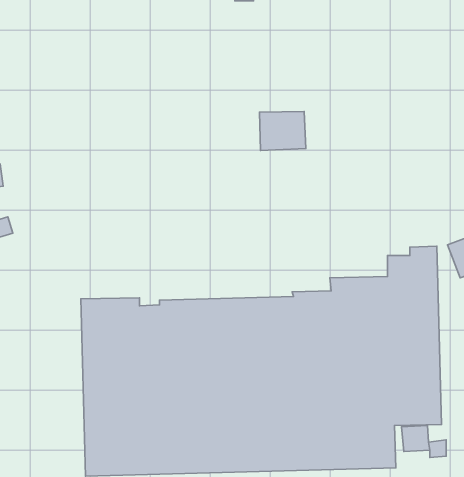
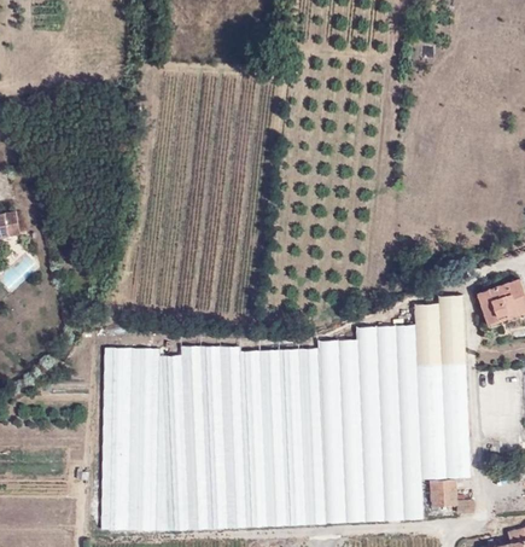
building: [259,111,306,150] -> none

